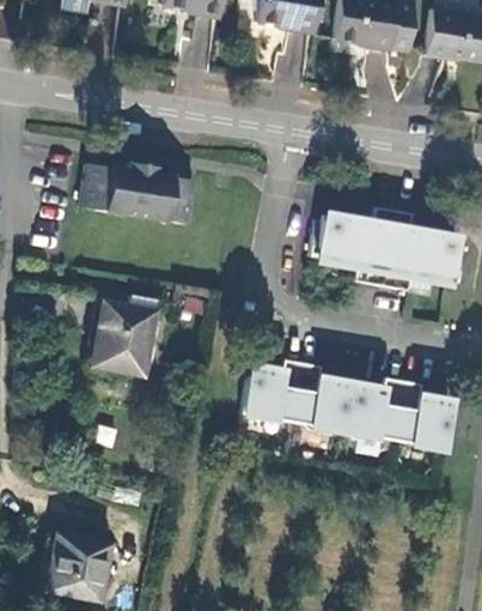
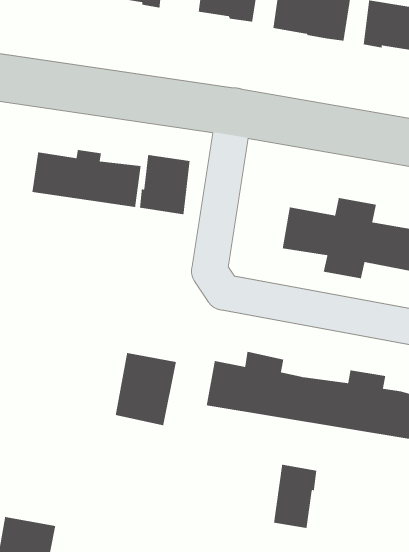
building: none -> [139,154,190,215]
building: [90,297,153,373] -> [115,352,177,426]
building: none -> [273,464,317,529]

